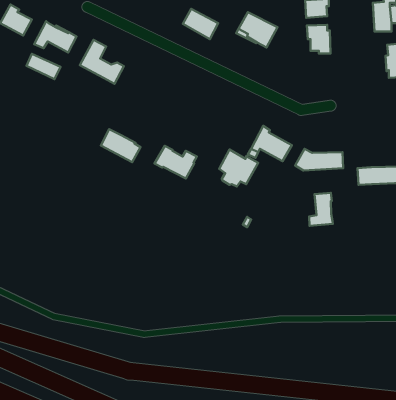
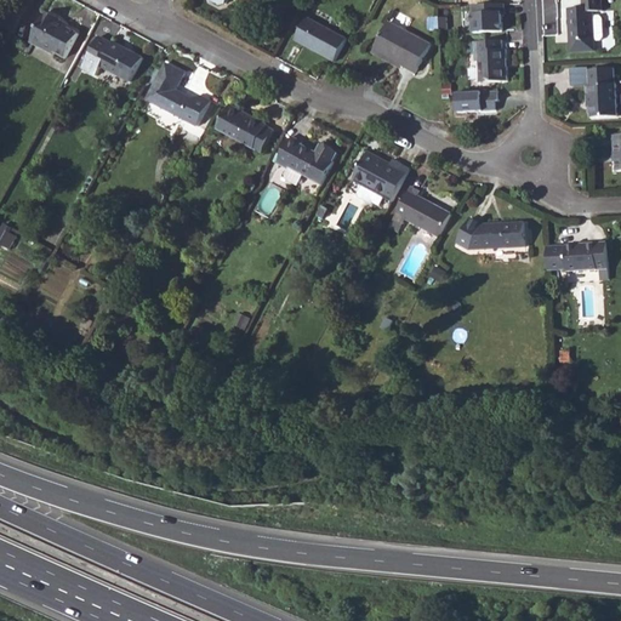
building: [26,54,60,79] -> none
building: none -> [456,90,497,110]
building: [101,129,140,162] -> [216,104,273,152]
building: [155,146,197,179] -> [275,136,336,183]
building: [219,149,258,187] -> [352,150,408,204]
building: [309,193,333,226] -> none

